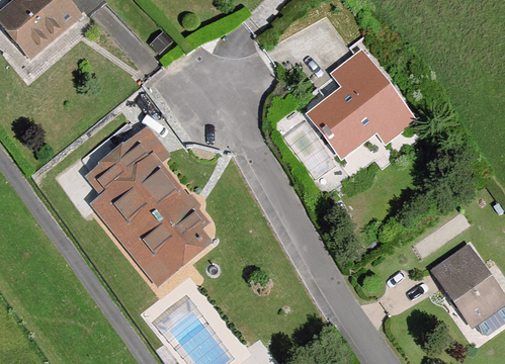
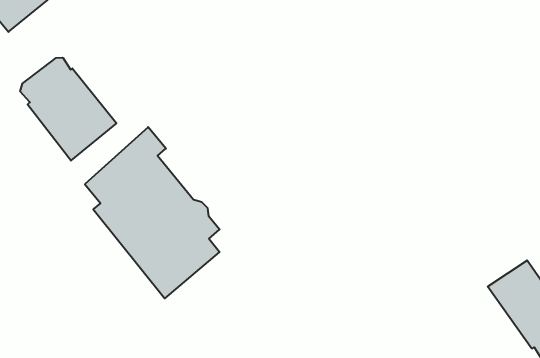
building: [314,57,409,157] -> none
building: none -> [20,58,116,161]

